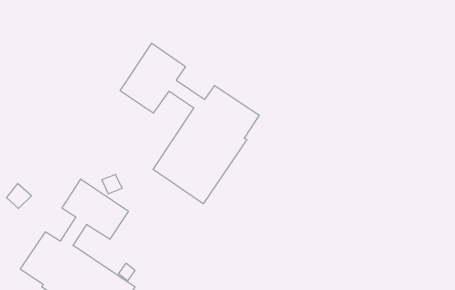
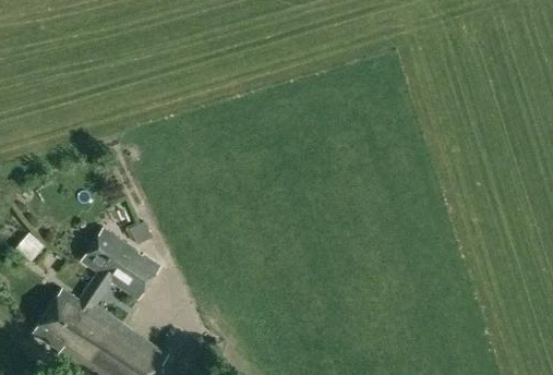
building: [120,43,259,204] -> none

